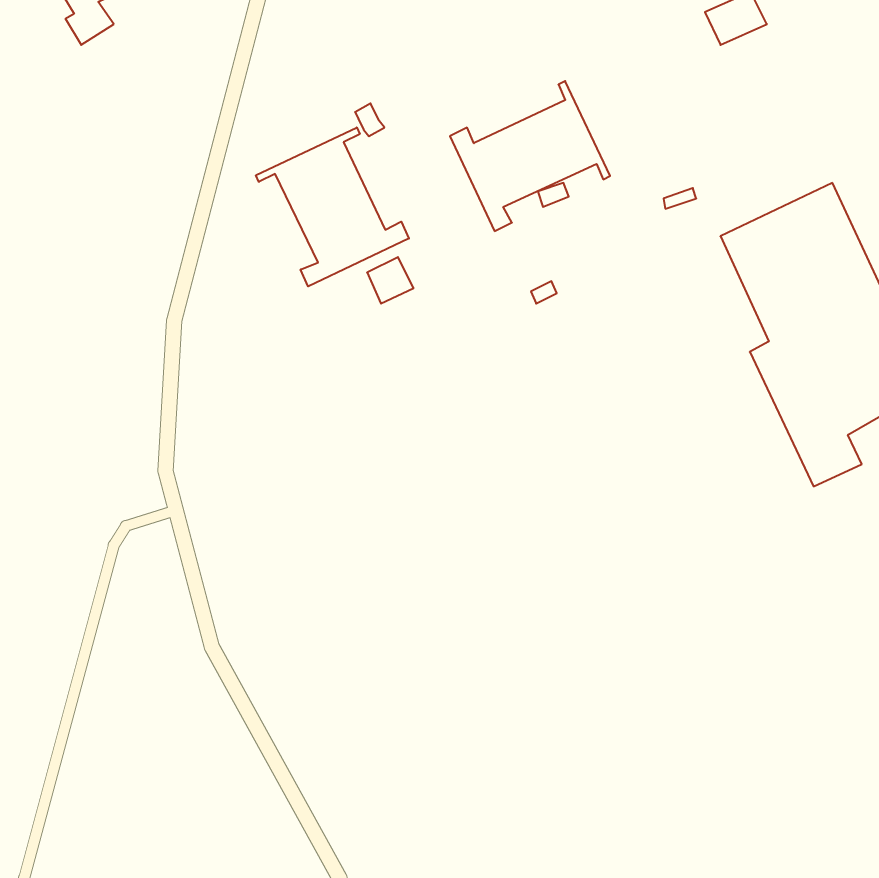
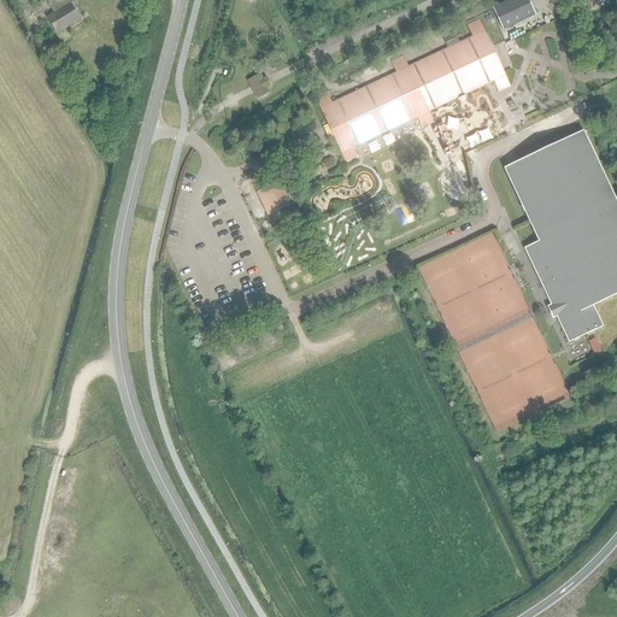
building: none -> [396,17,511,123]
building: [256,127,409,286] -> none

